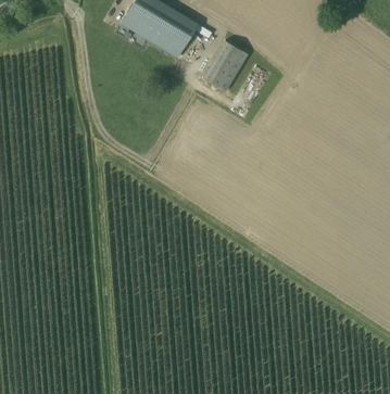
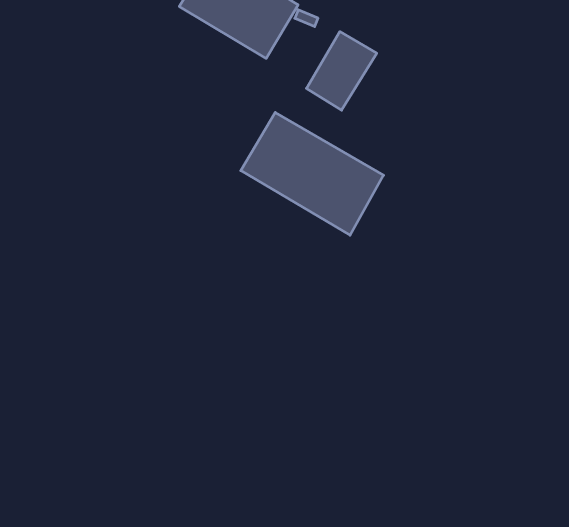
building: none -> [241,112,384,235]

